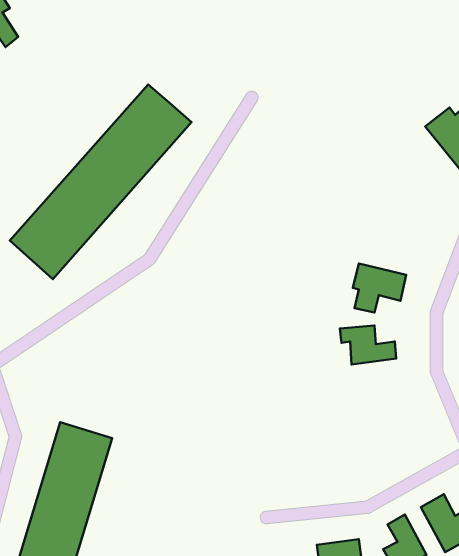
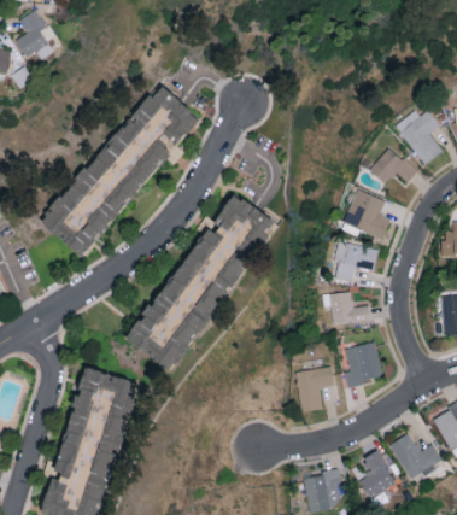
building: none -> [368,146,416,183]
building: none -> [344,189,388,238]
building: none -> [129,200,271,368]
building: none -> [344,343,381,384]
building: none -> [295,367,332,411]

